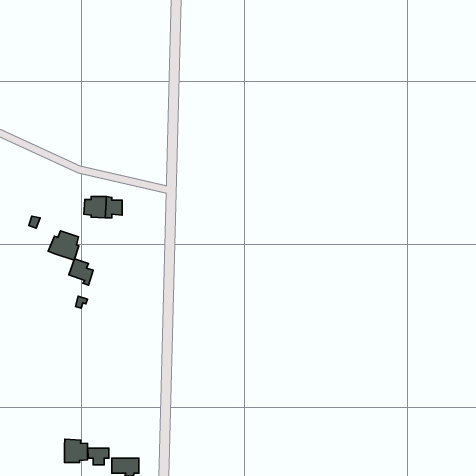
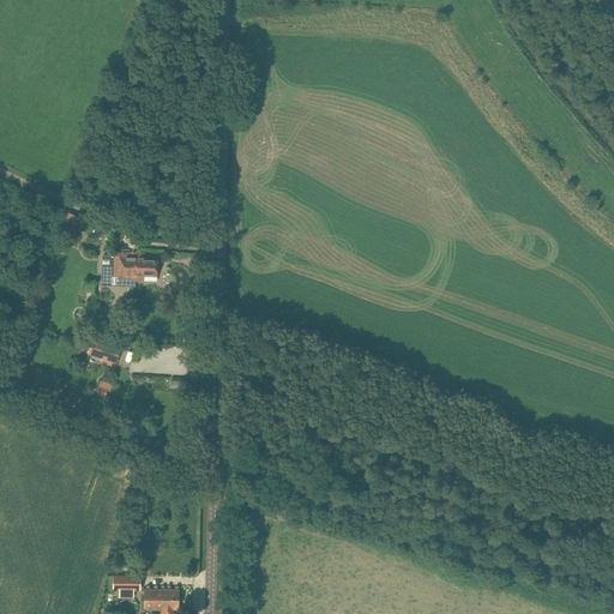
building: [48,231,79,260] -> none
building: [65,439,88,463] -> none

